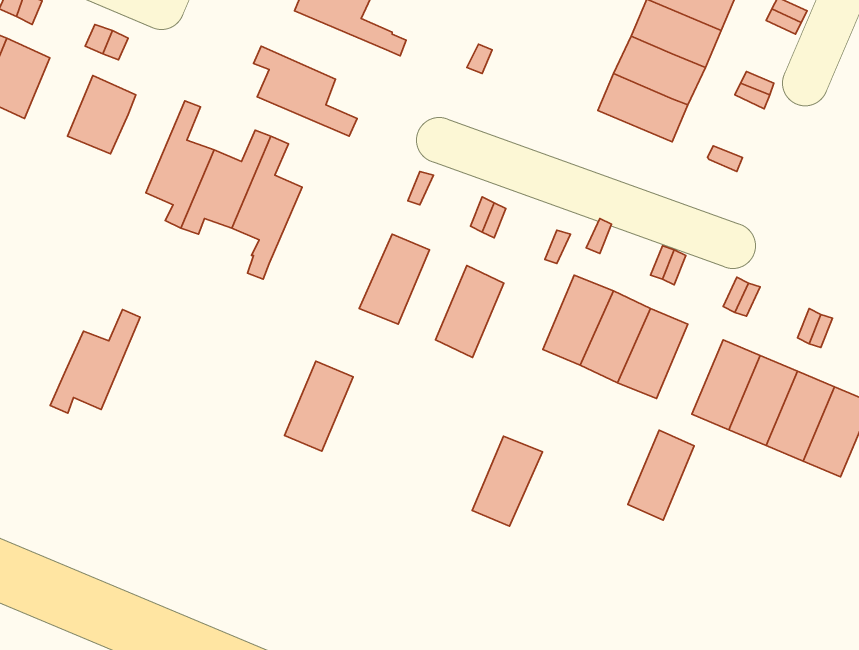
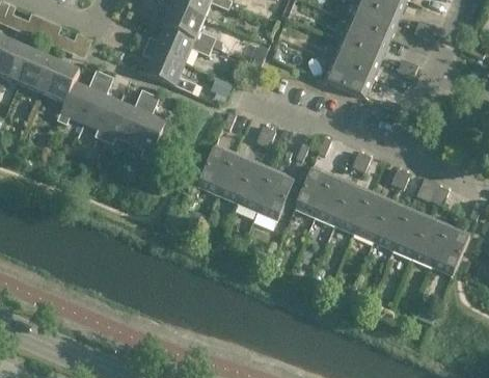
building: none -> [145,26,212,62]
building: none -> [20,51,56,92]
building: [50,309,140,413] -> [57,70,105,125]
building: [285,361,353,451] -> [218,153,254,200]
building: [628,430,694,520] -> [355,192,390,240]
building: [472,436,543,526] -> [257,170,295,218]

